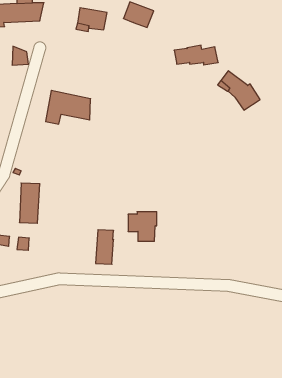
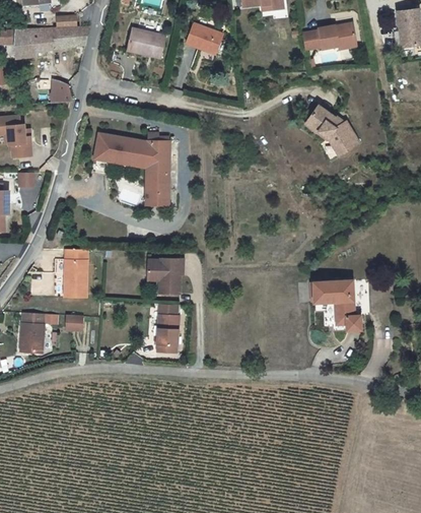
building: [174,45,218,65] -> [306,26,361,51]
building: none -> [146,142,171,204]
building: none -> [312,281,359,330]
building: [128,212,157,241] -> [146,257,182,294]

